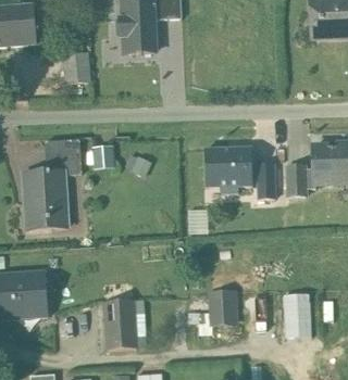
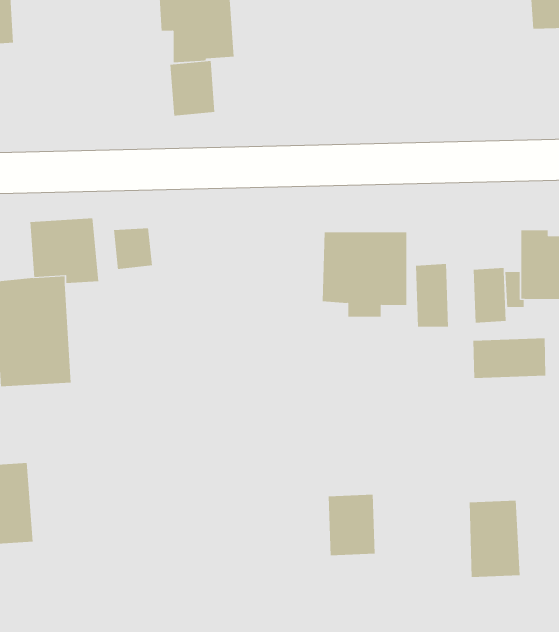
building: [64,51,89,81] -> [170,60,215,116]
building: none -> [473,337,546,379]
building: [104,297,137,350] -> none

